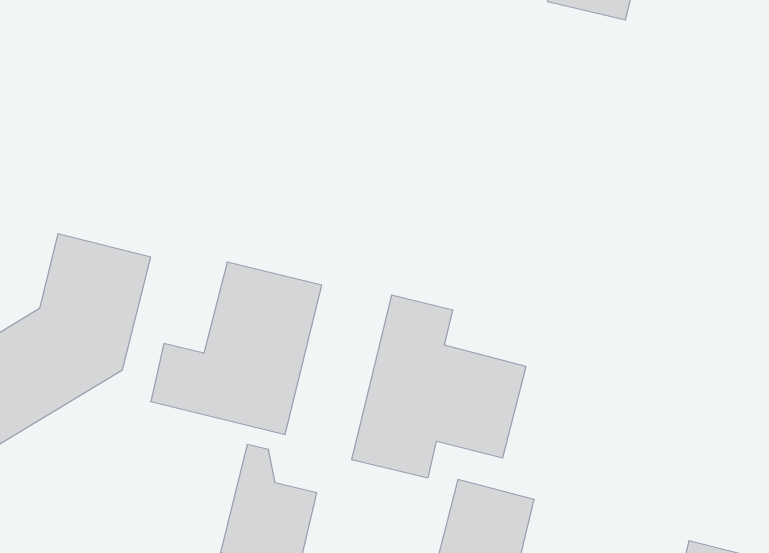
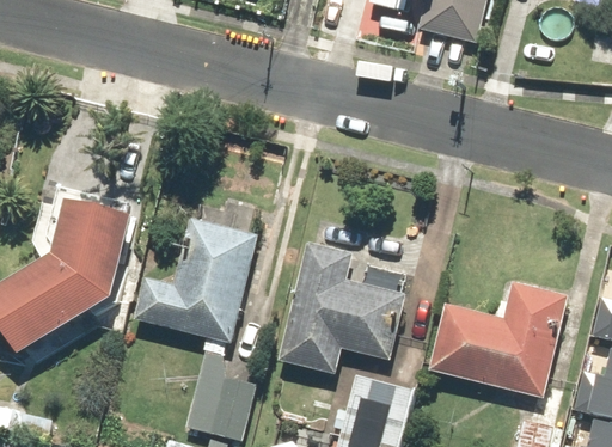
building: none -> [429,282,568,398]

